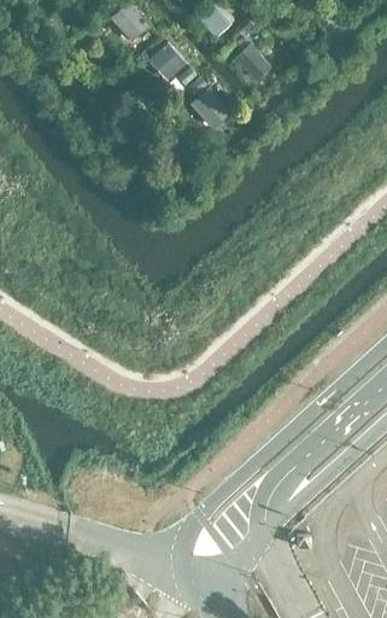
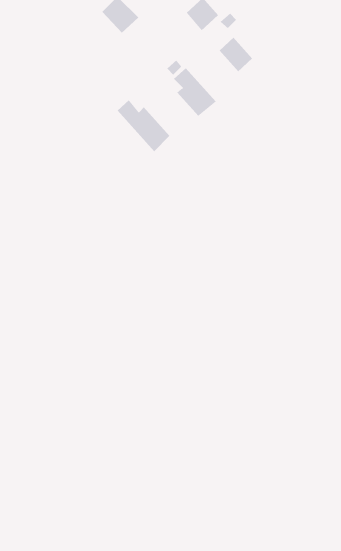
building: [149,42,188,82] -> none
building: none -> [117,100,170,152]

